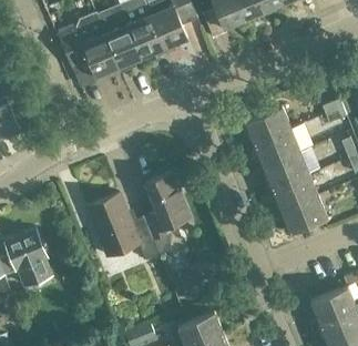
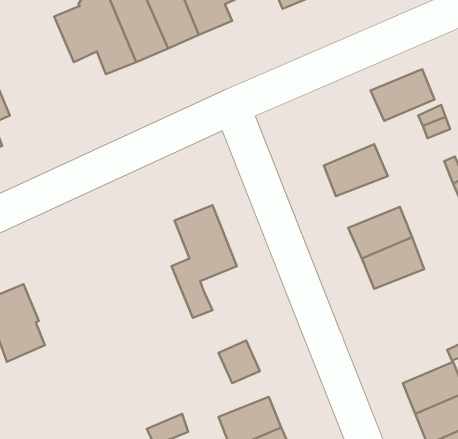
building: [244,106,290,144] -> [370,69,434,121]
building: [263,152,309,190] -> none
building: [86,194,158,261] -> none

